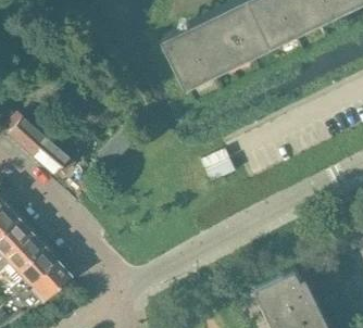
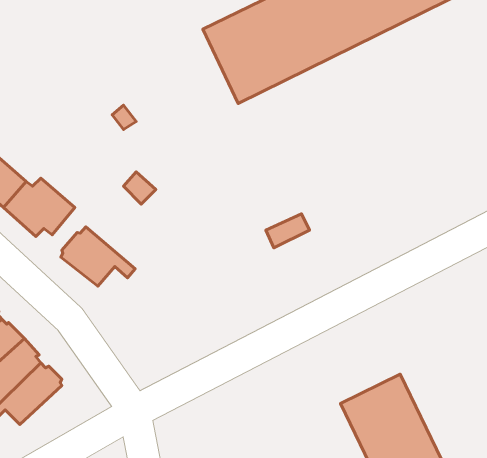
building: none -> [61,227,135,286]

